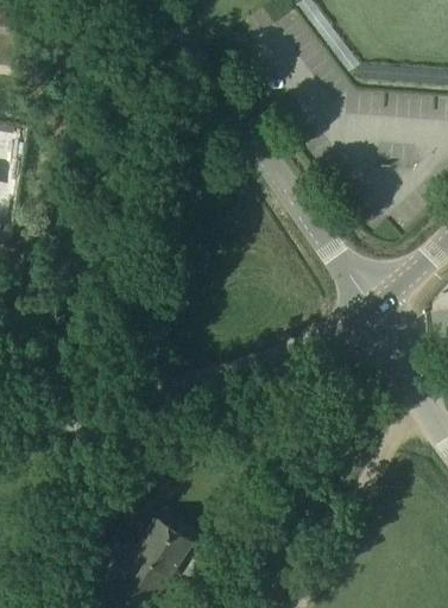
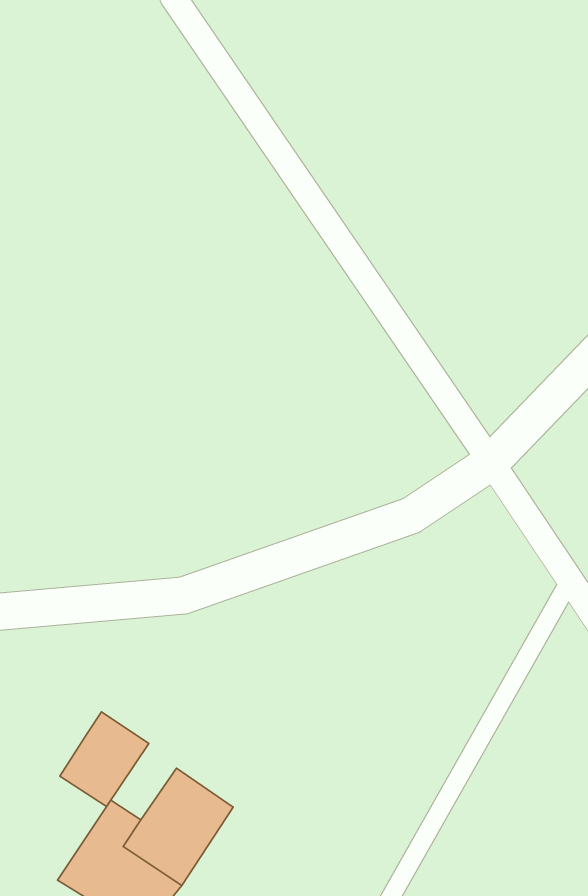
building: none -> [60,712,149,806]

